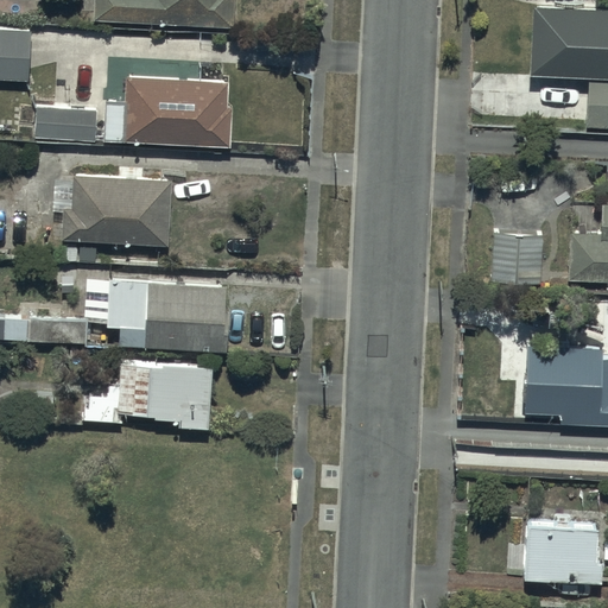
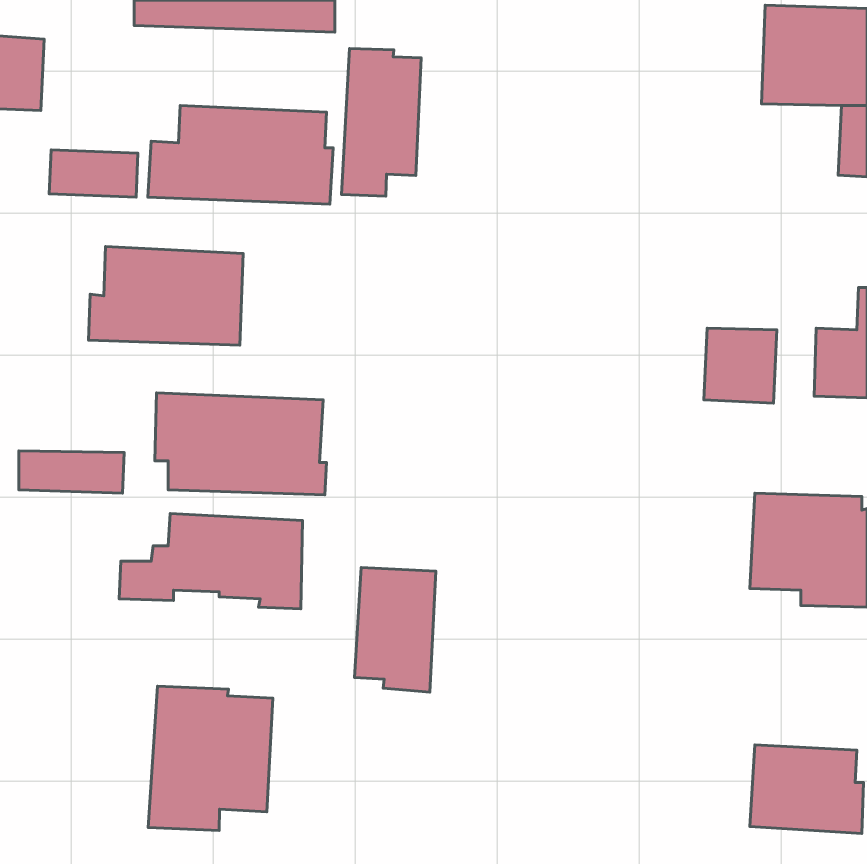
building: none -> [342,48,421,196]
building: none -> [355,567,436,692]
building: none -> [148,686,273,831]

